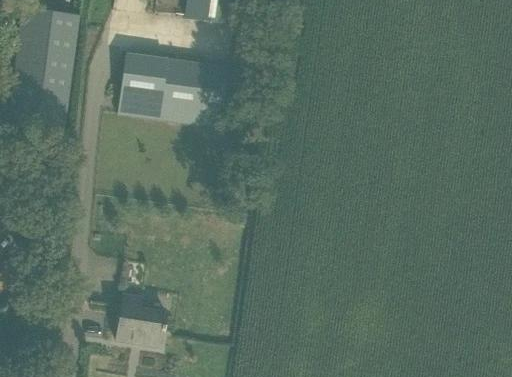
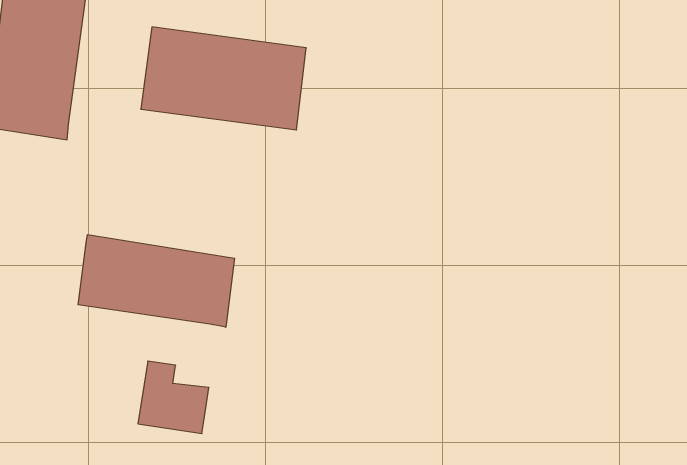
building: none -> [78,235,235,327]

